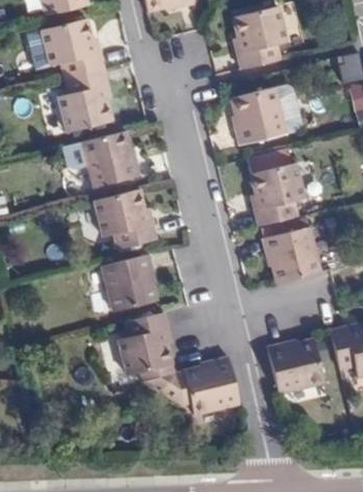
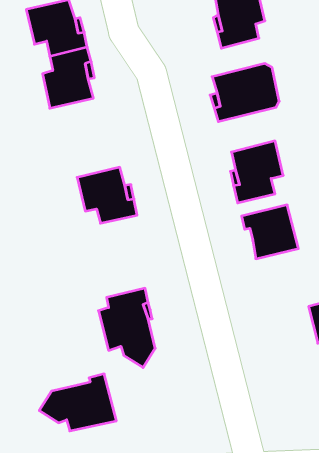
building: [84,131,141,187] -> none
building: [102,254,155,308] -> none
building: [267,339,324,394] -> none
building: [162,356,240,414] -> [39,374,116,431]

